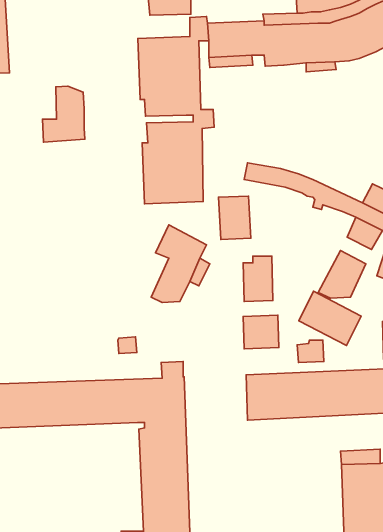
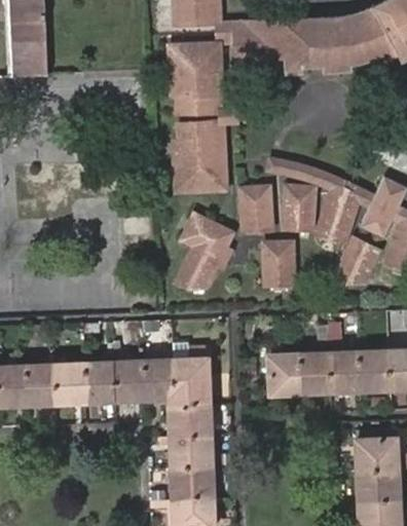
building: [43,86,85,142] -> none
building: none -> [285,188,314,230]
building: none -> [319,197,357,240]
building: [299,291,361,346] -> none
building: [243,315,279,349] -> none

